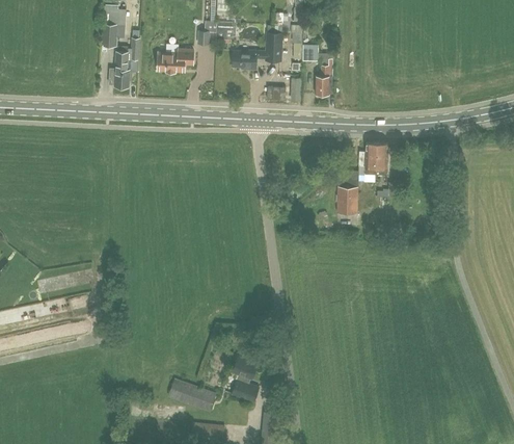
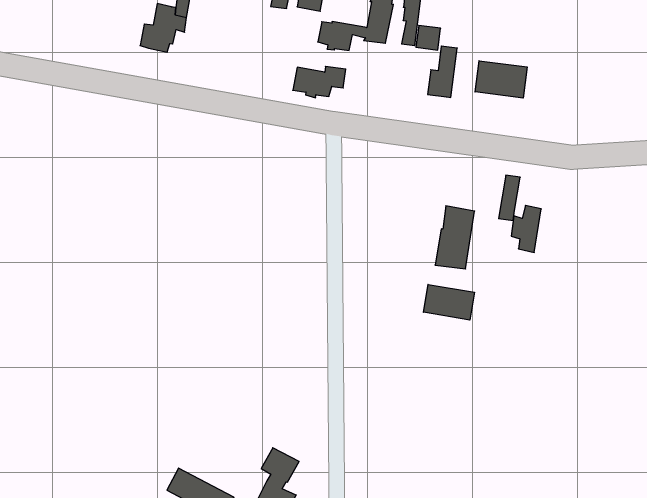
building: [158,50,193,73] -> [293,66,346,98]
building: none -> [475,61,527,98]
building: [359,141,378,174] -> [511,205,541,252]
building: none -> [423,284,474,320]

